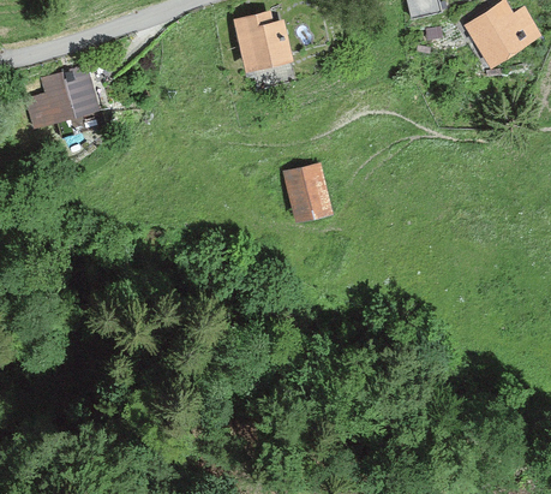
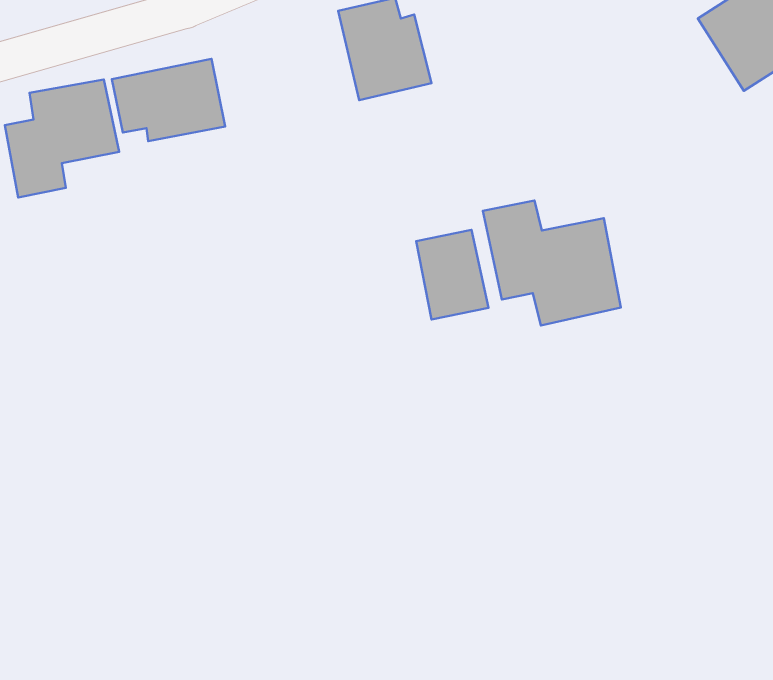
building: none -> [112,59,225,141]
building: none -> [483,201,621,325]

